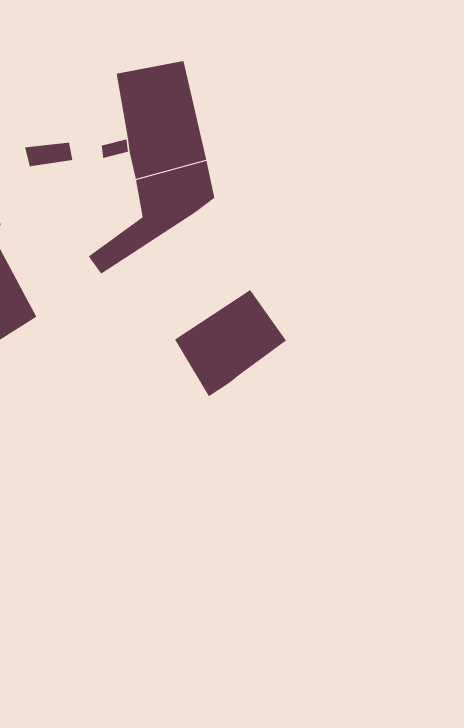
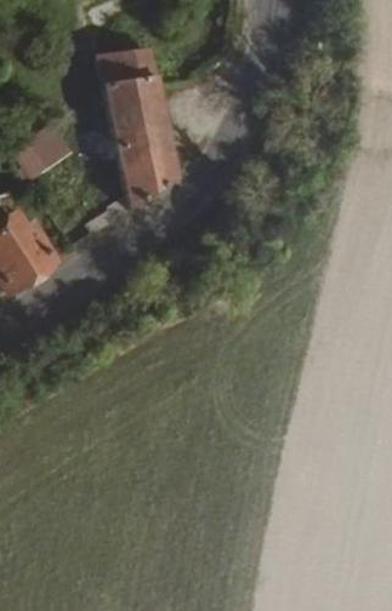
building: none -> [103,50,159,84]
building: [174,289,287,397] -> none

